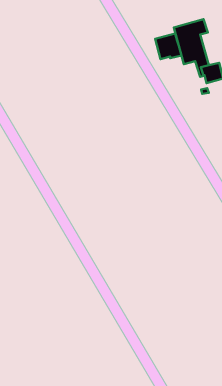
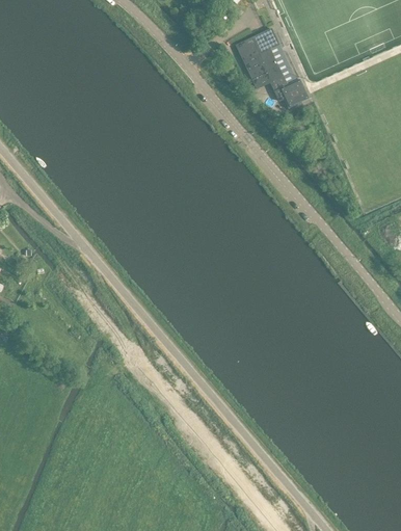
building: [155,33,182,59] -> none

